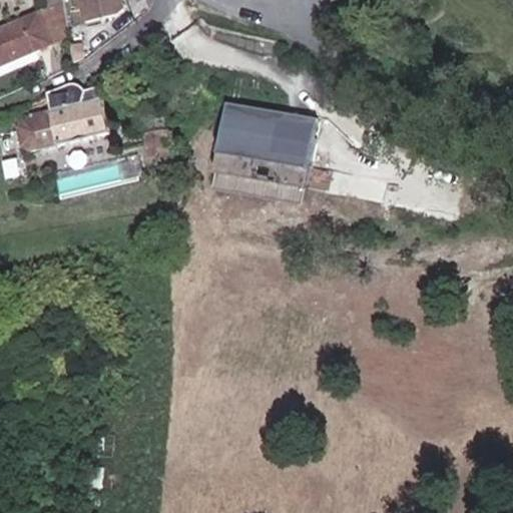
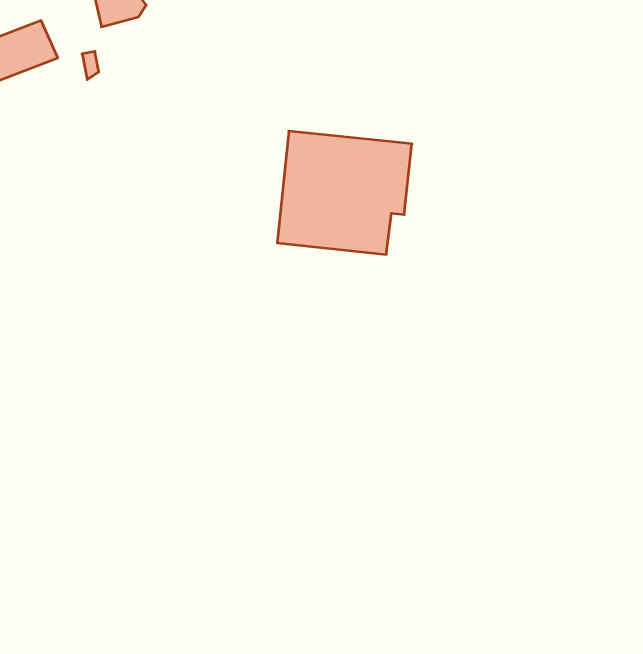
building: [32,6,64,45] -> none
building: [10,87,102,150] -> none

